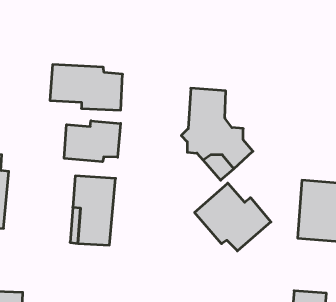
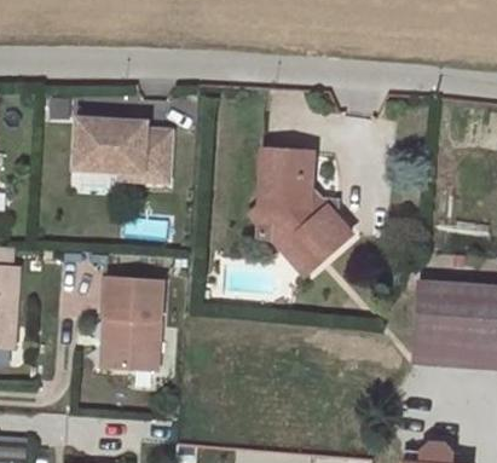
building: [64,121,121,162] -> none
building: [195,183,271,251] -> none

